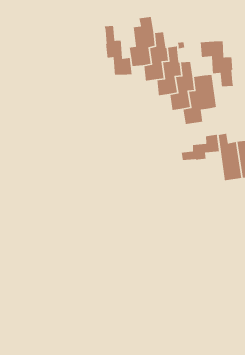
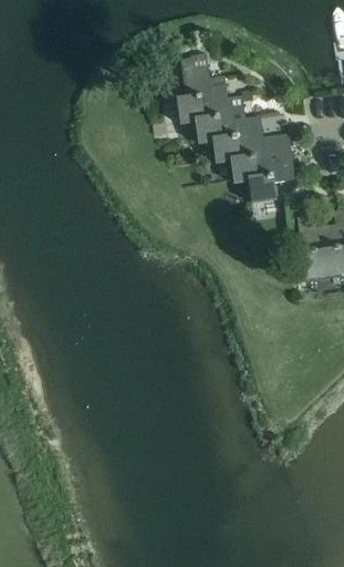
building: [104,25,132,76] -> none
building: [200,41,234,87] -> none
building: [181,134,220,161] -> none

